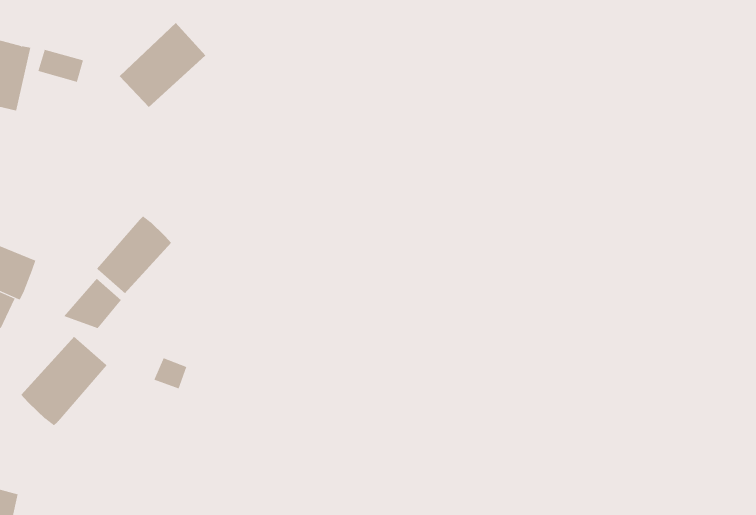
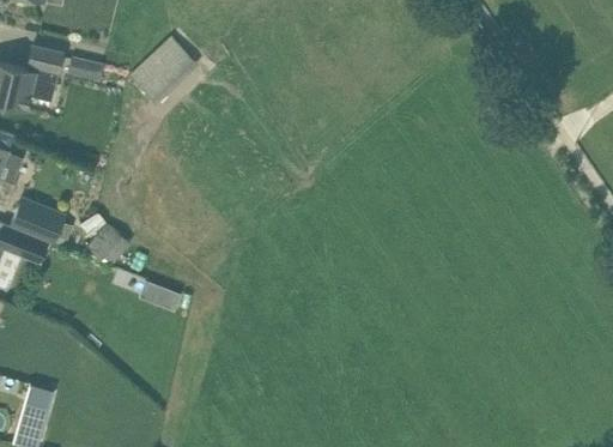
building: [97,216,172,294] -> none
building: [20,336,107,426] -> none

